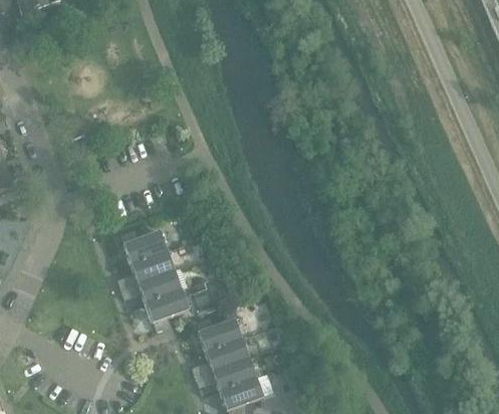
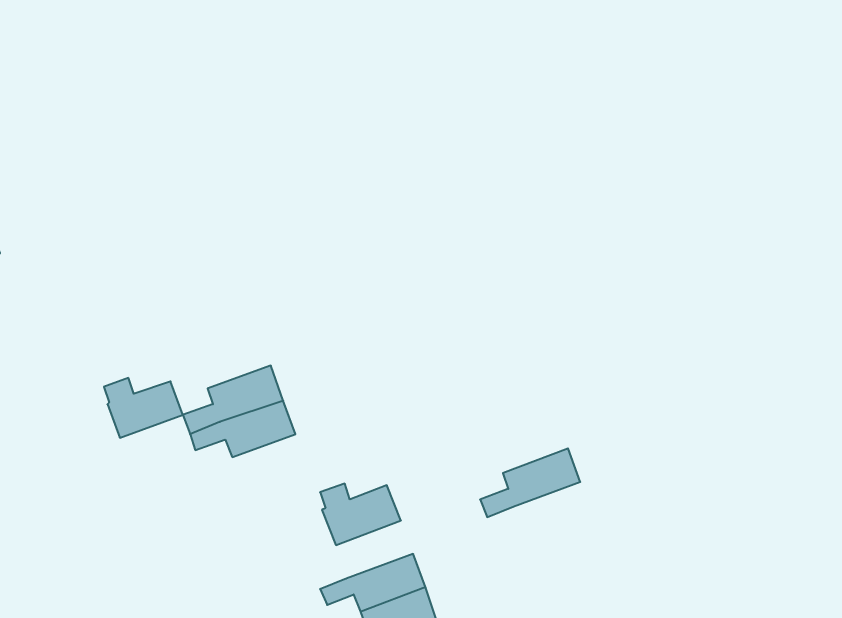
building: [123,227,169,261] -> [104,378,183,438]
building: [147,287,190,329] -> none
building: [193,337,250,376] -> [480,448,580,517]

